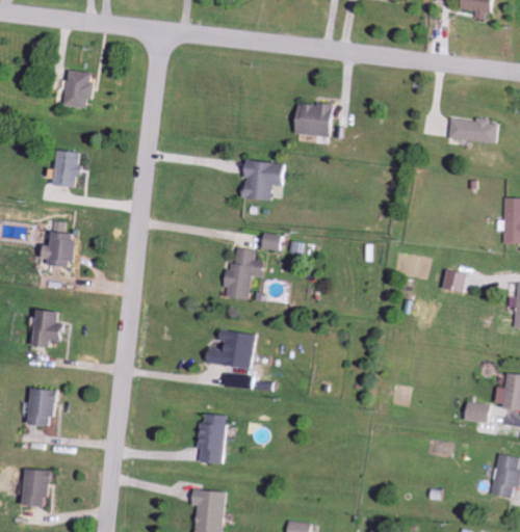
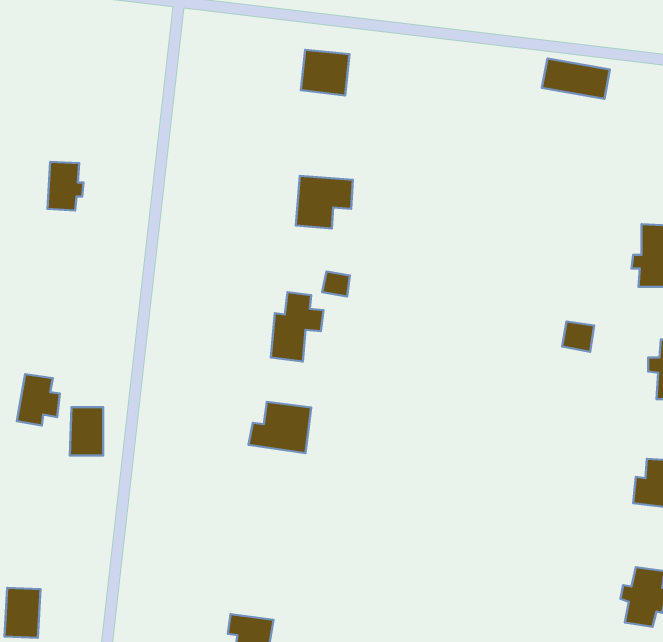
building: [66,71,92,108] -> none
building: [295,103,332,137] -> [301,50,349,96]
building: [447,115,498,145] -> [542,59,610,99]
building: [44,221,77,267] -> none
building: [30,390,55,426] -> [70,407,103,456]
building: [462,401,489,424] -> none
building: [198,415,225,463] -> none

